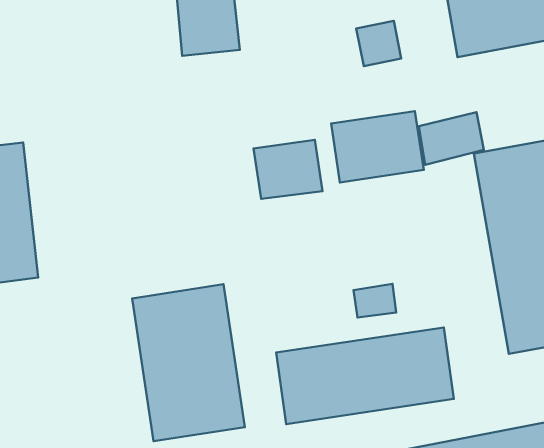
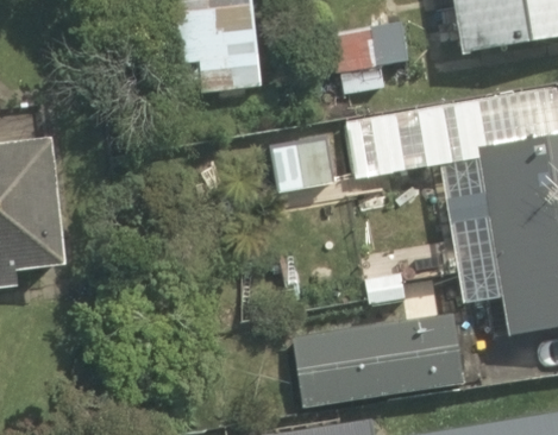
building: [132,284,245,441] -> none

